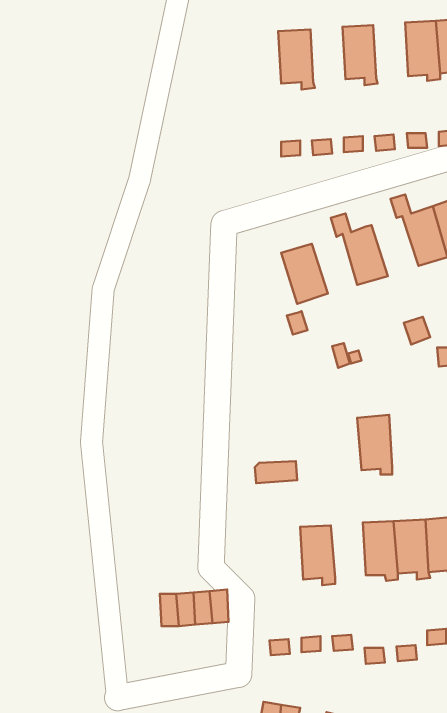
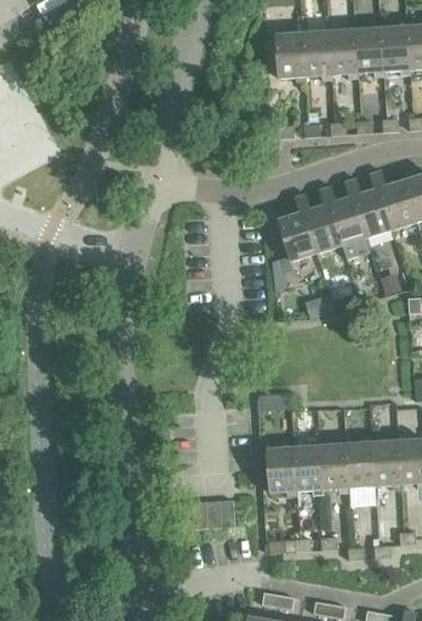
building: none -> [354,27,383,76]
building: none -> [302,30,331,80]
building: none -> [343,177,392,238]
building: none -> [293,193,341,252]
building: [357,415,392,475] -> [319,443,348,492]
building: none -> [267,446,296,496]

